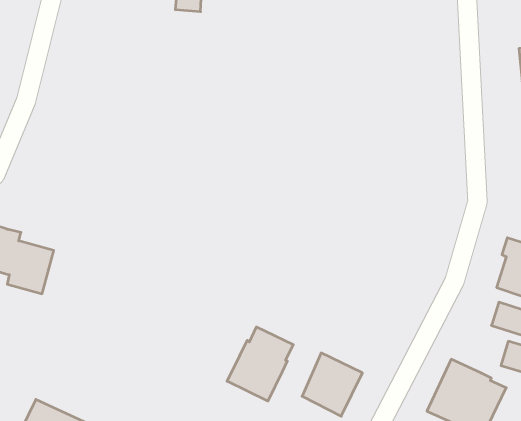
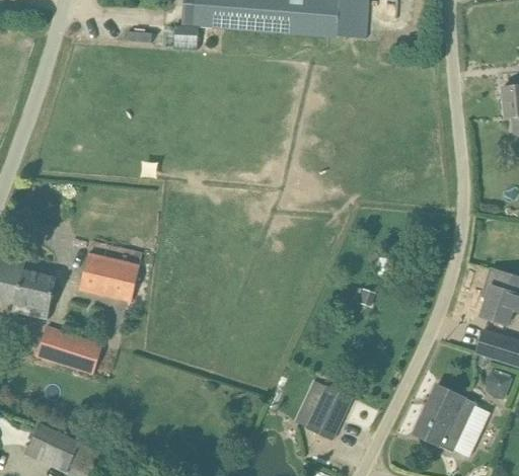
building: none -> [79,250,140,302]
building: none -> [34,326,102,377]
building: [227,327,293,401] -> none

